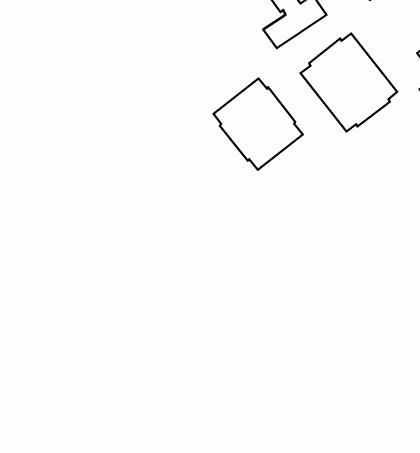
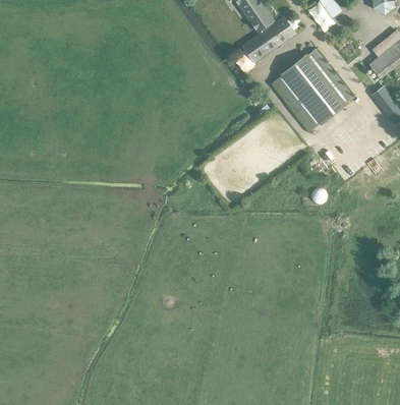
building: [213,78,303,170] -> none

